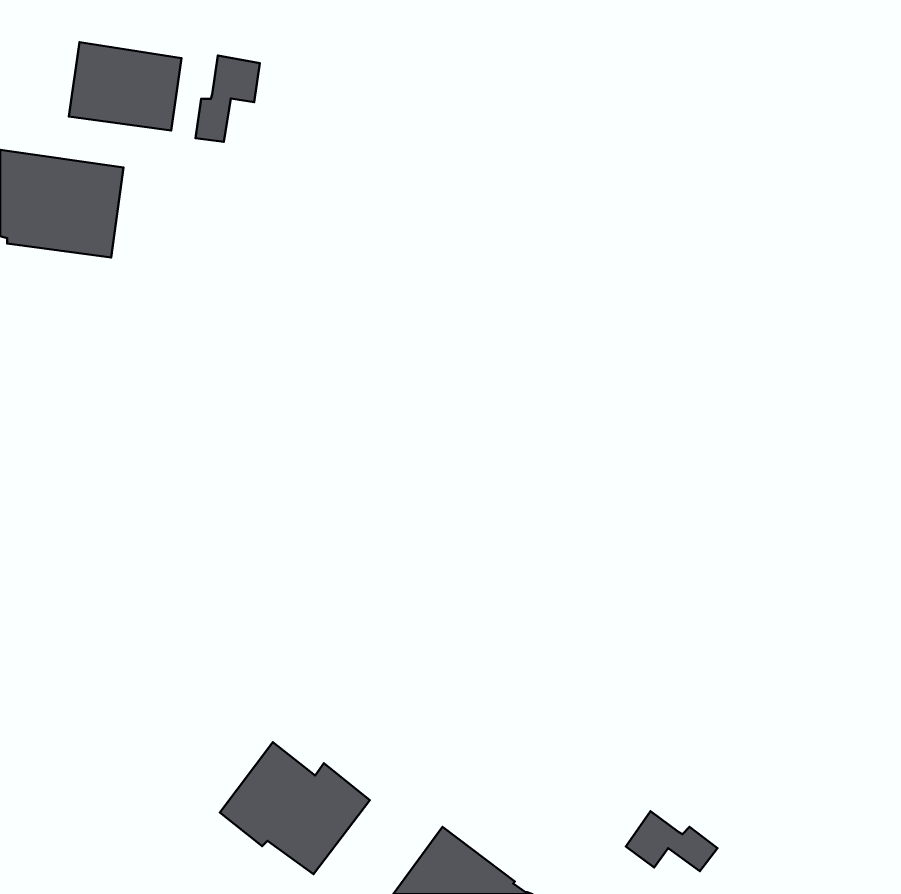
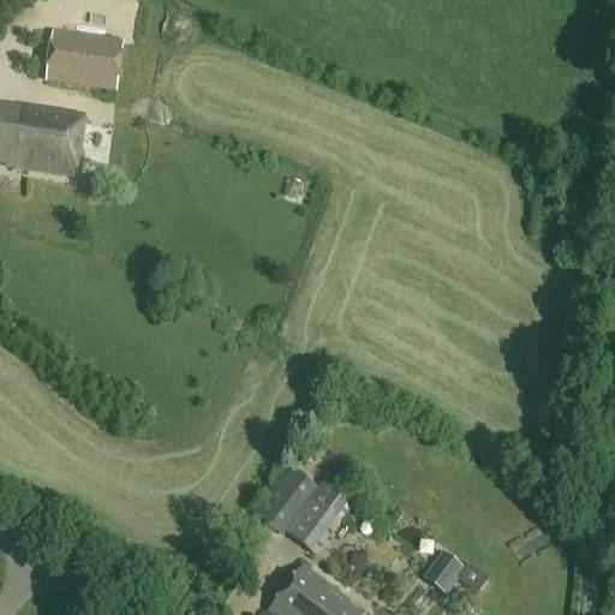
building: [195,55,260,142] -> none
building: [220,742,370,874] -> [252,464,354,554]

